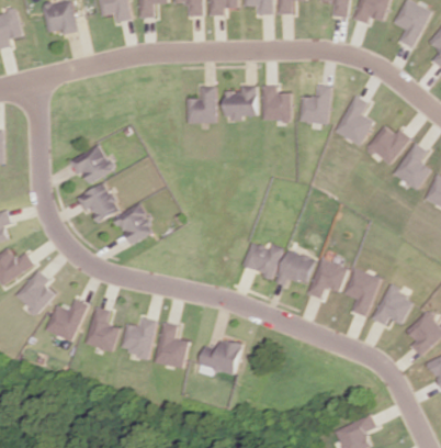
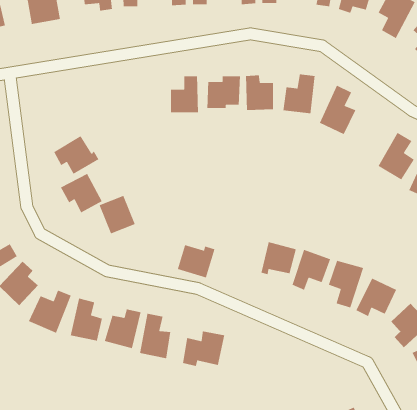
building: [365,125,410,166] -> none
building: [242,243,281,277] -> [177,244,215,278]

